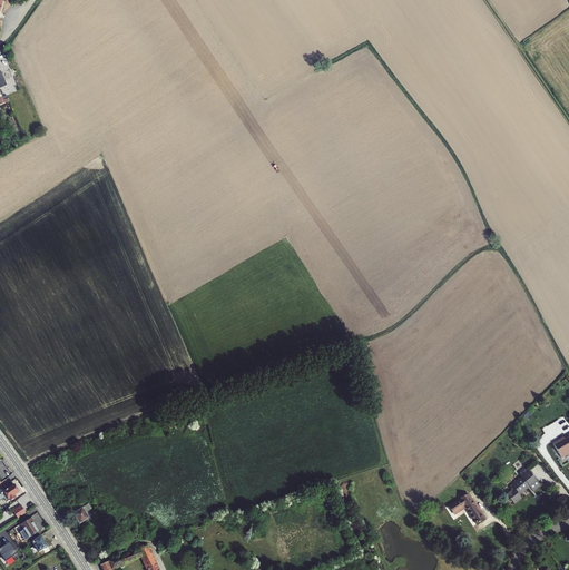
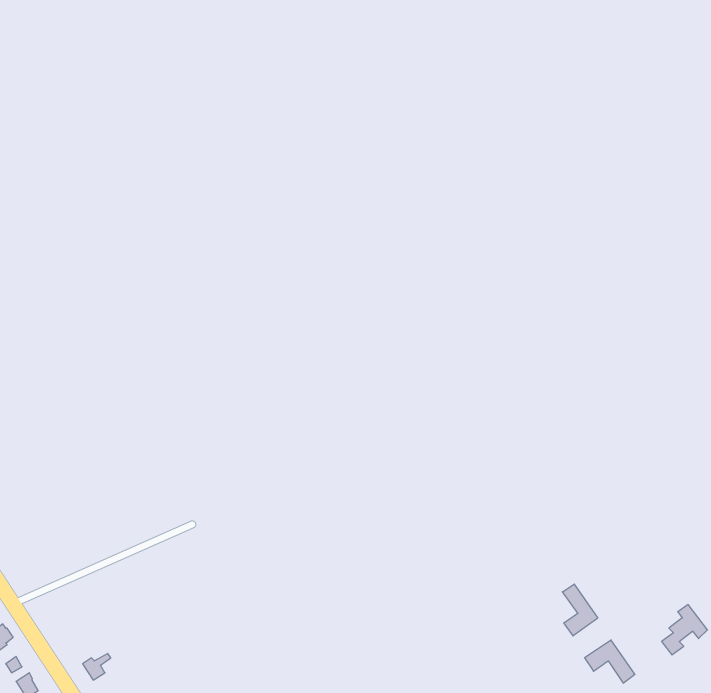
building: none -> [562,584,598,636]

